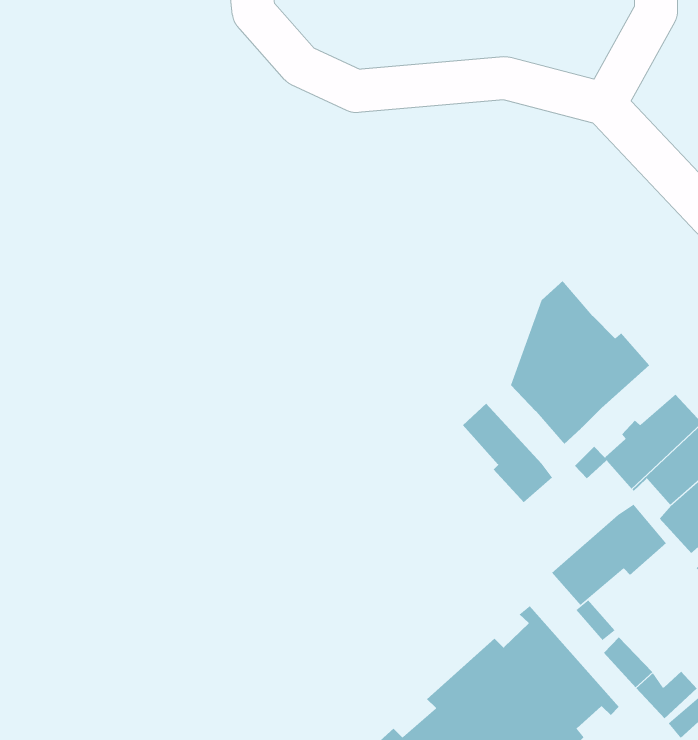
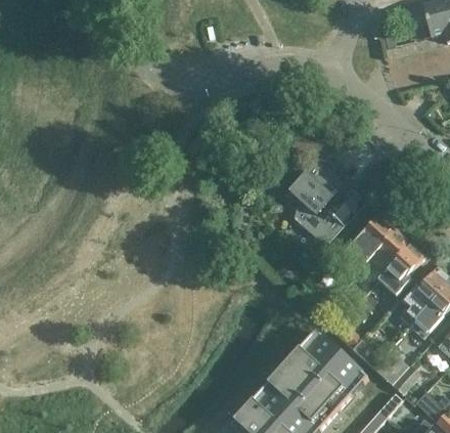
building: [462,403,553,503] -> none
building: [551,504,667,606] -> none

